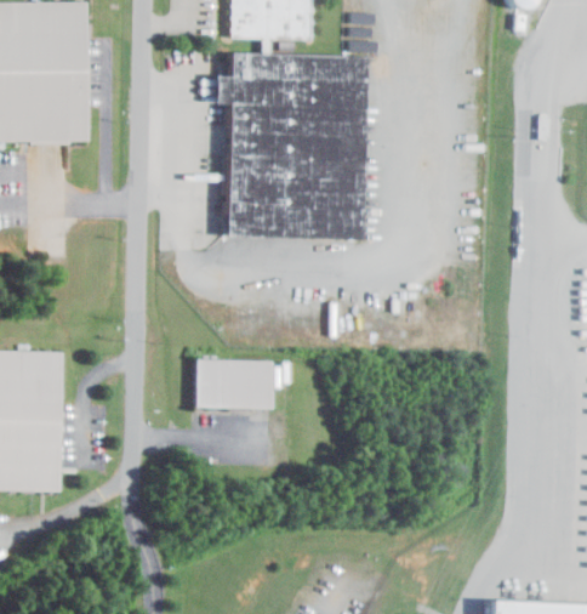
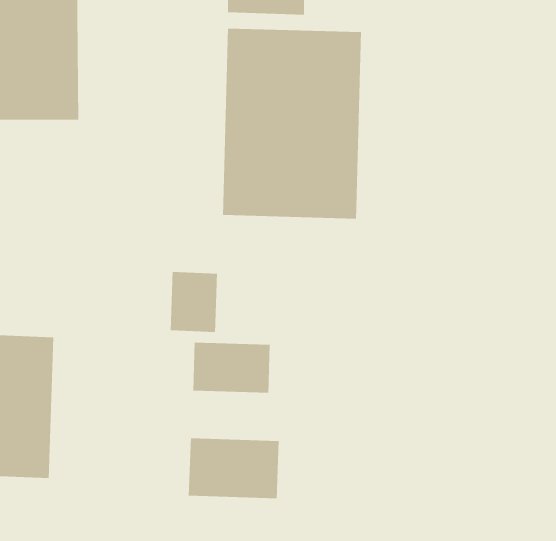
building: none -> [170,271,218,333]
building: none -> [188,438,280,499]

